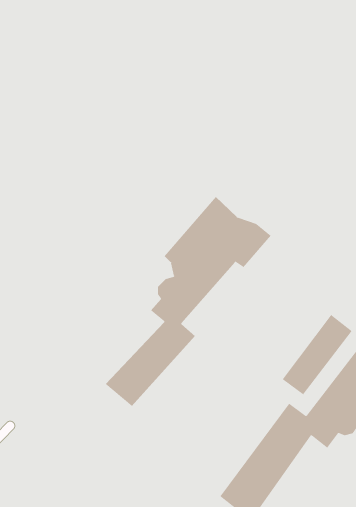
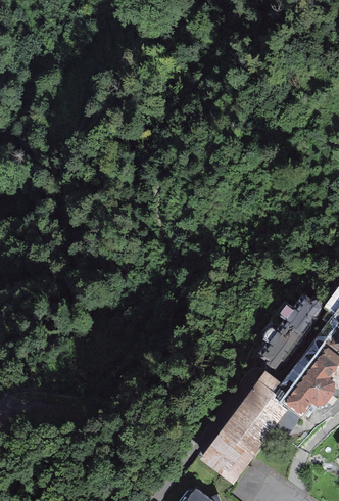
building: [105,196,271,407] -> none

